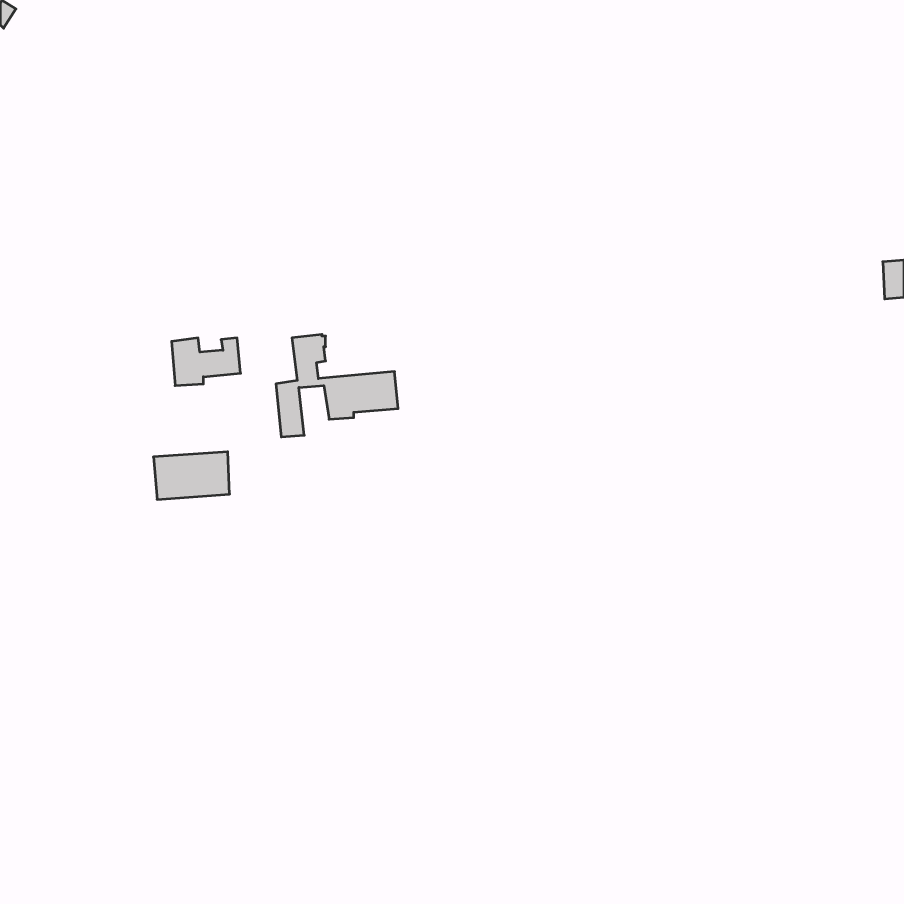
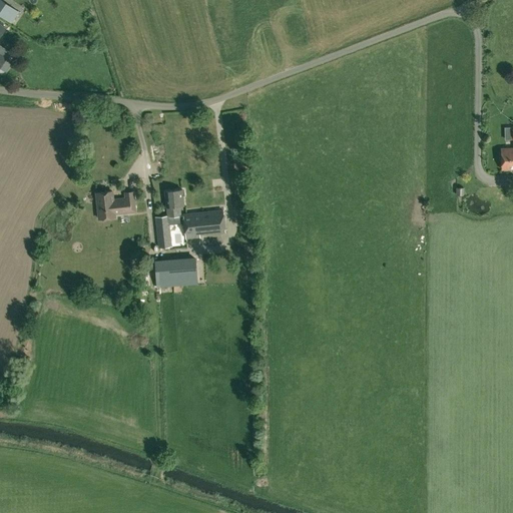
building: [153,452,230,499] -> [154,260,197,287]

